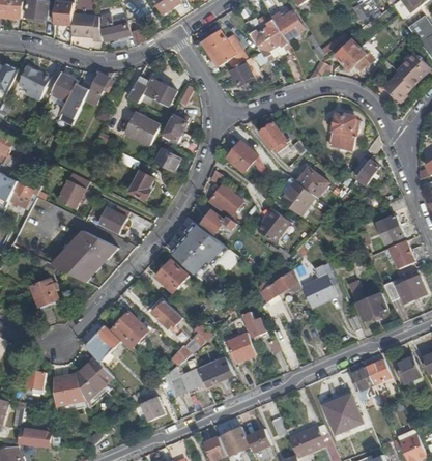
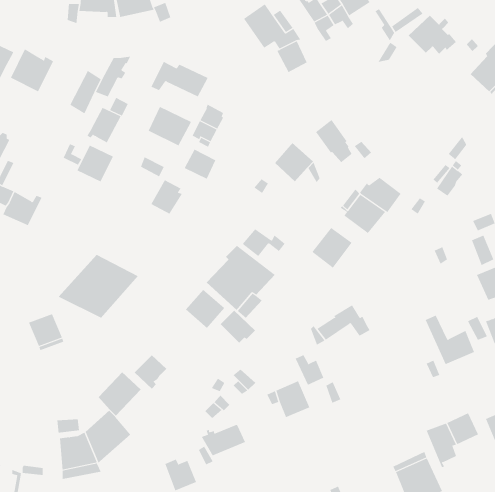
building: [49,73,77,102] -> [87,107,121,143]
building: [329,114,357,151] -> none
building: [56,180,86,210] -> [76,145,114,182]
building: [208,184,243,218] -> none
building: [100,199,129,232] -> none
building: [301,264,337,307] -> none
building: [152,300,181,327] -> [220,310,256,343]
building: [198,361,234,386] -> none
building: [22,369,46,394] -> none

